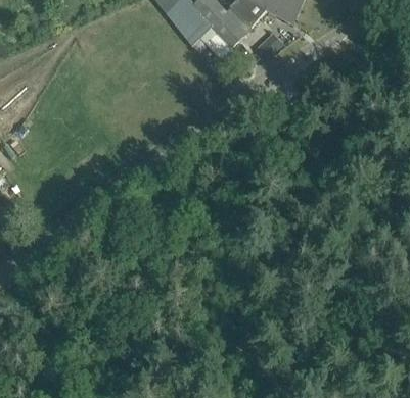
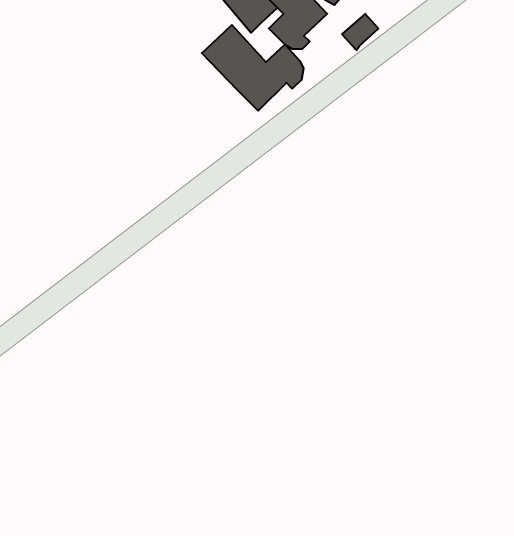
building: none -> [202,25,303,111]

